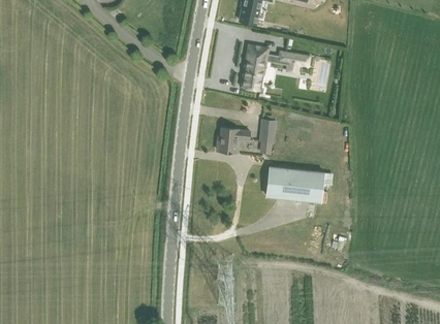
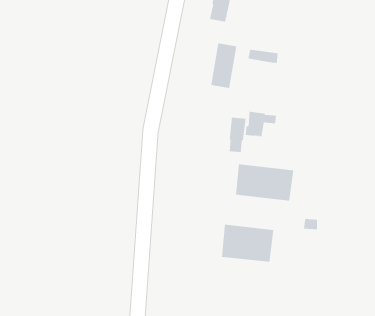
building: [218,128,250,155] -> [245,111,277,138]
building: none -> [221,224,274,263]

